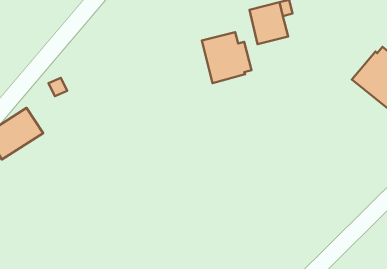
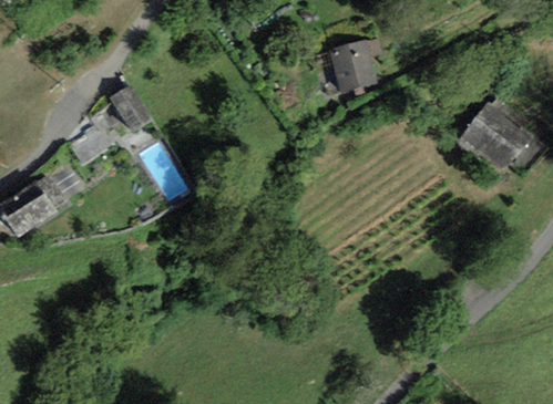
building: [202,32,251,83] -> none
building: none -> [109,84,151,132]

